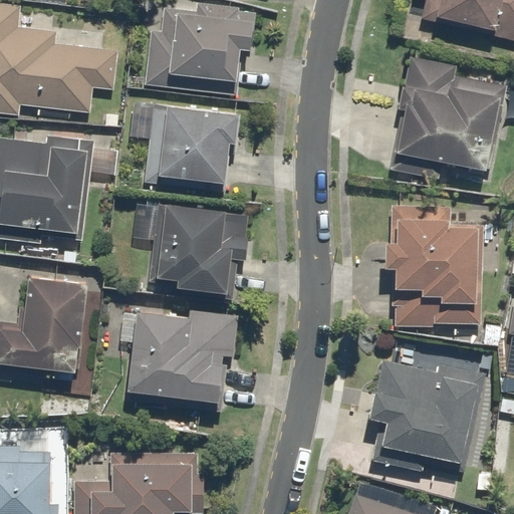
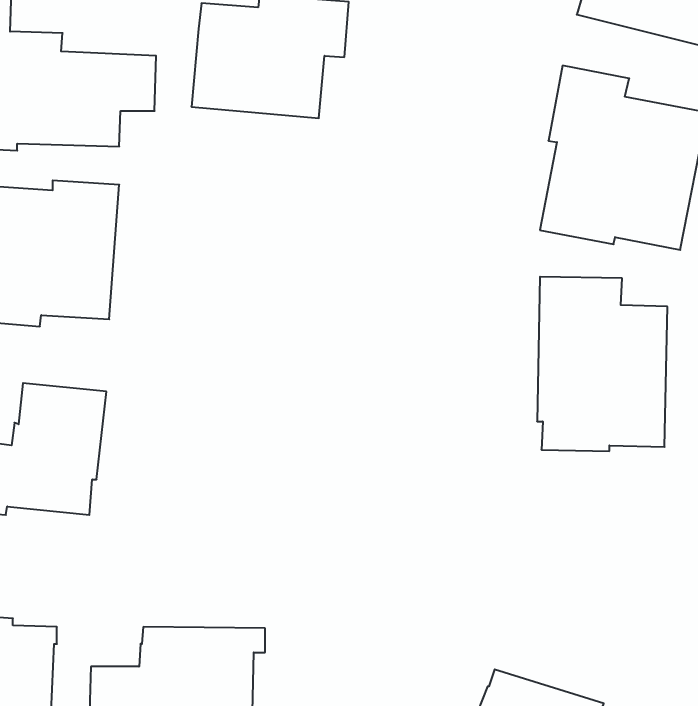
building: [132,104,238,185] -> none
building: [148,205,247,295] -> none
building: [125,309,238,402] -> none
building: [364,360,486,472] -> none

